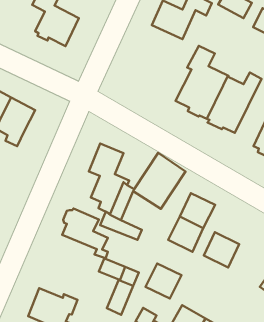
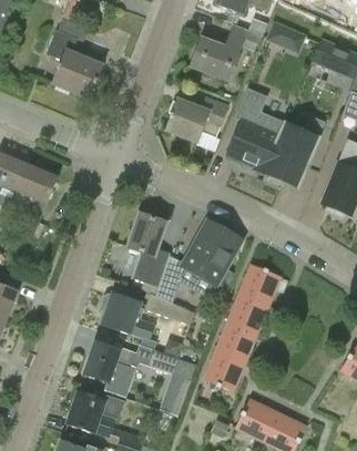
building: none -> [165,95,228,142]
building: [204,232,239,268] -> [215,321,256,362]
building: none -> [82,339,141,386]

